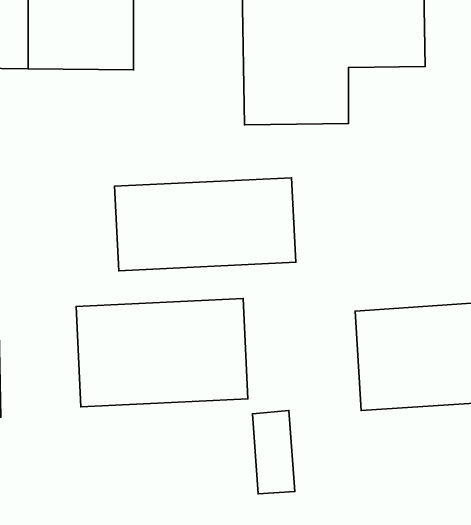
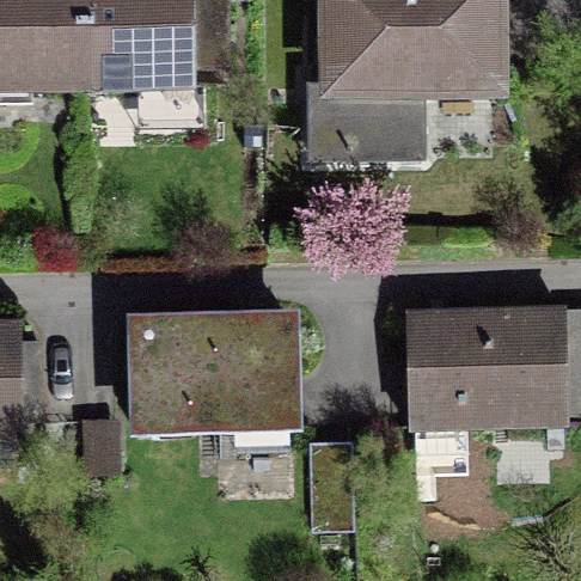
building: [115,178,296,271] -> none

